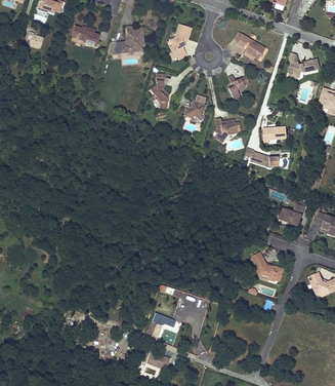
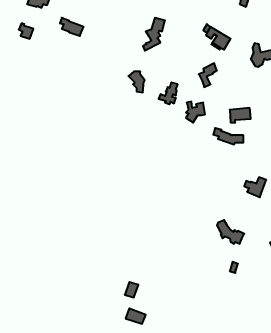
building: [113,26,144,52] -> none

